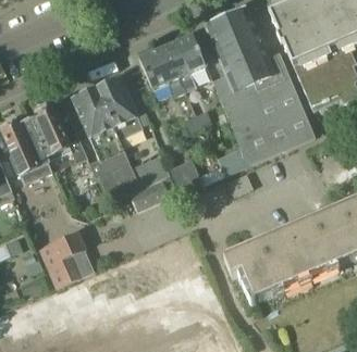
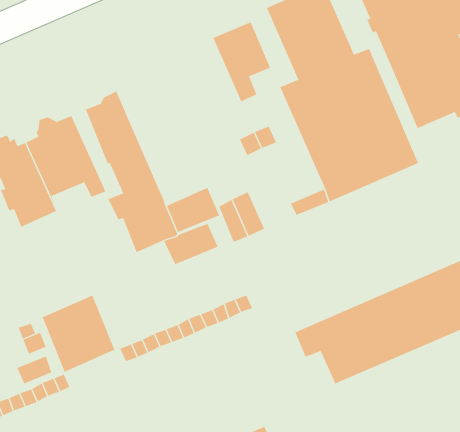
building: [137,43,184,95] -> none
building: [94,75,141,137] -> none

